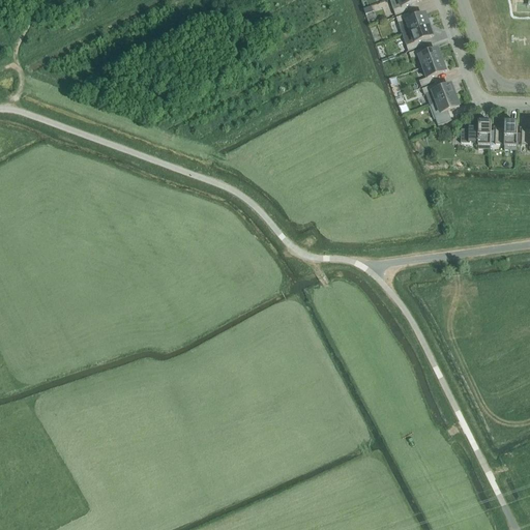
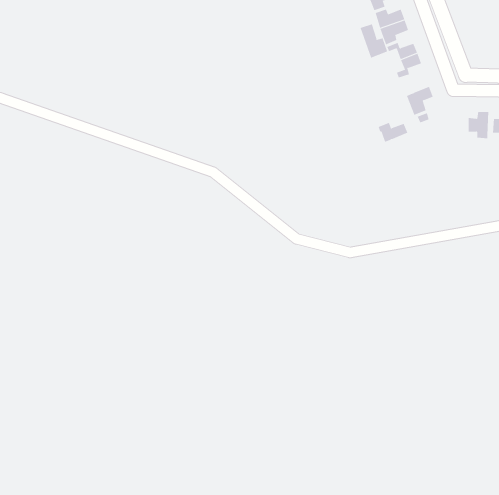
building: none -> [360,23,388,58]
building: [423,80,455,101] -> [378,122,408,143]
building: [461,117,492,146] -> none

